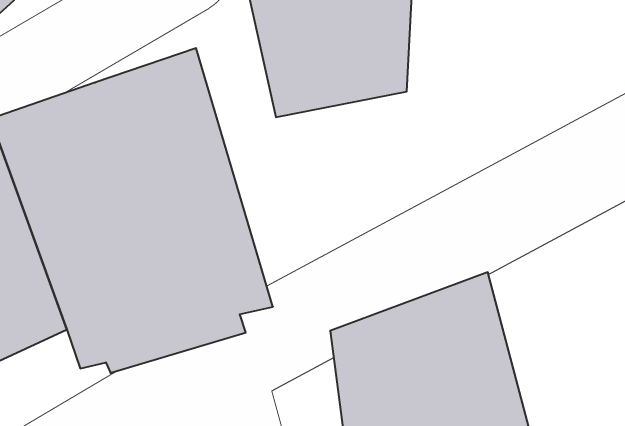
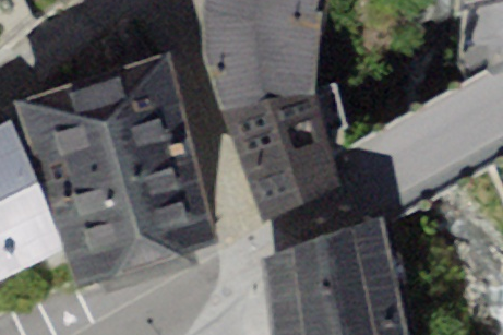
building: none -> [220,82,339,219]

